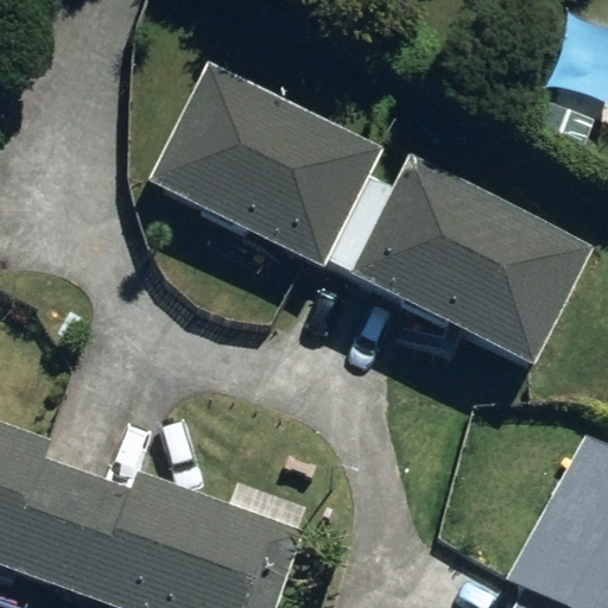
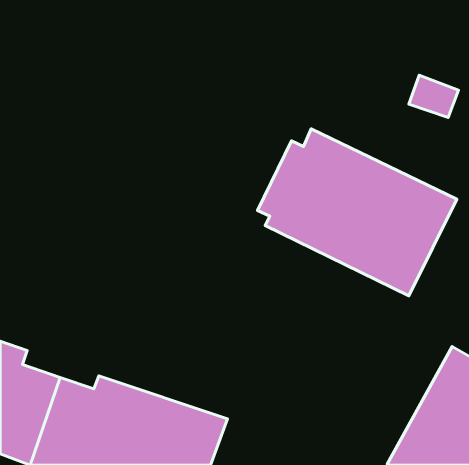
building: [147,64,382,271] -> none

